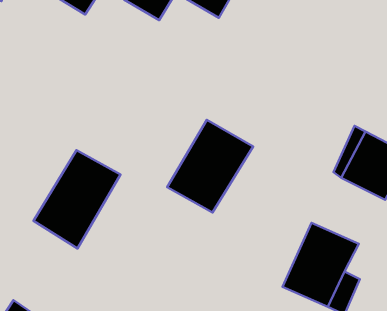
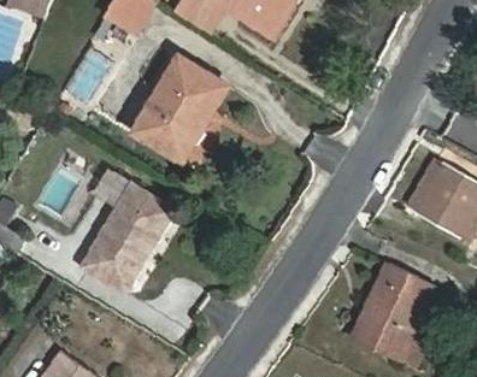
building: [167,120,253,213] -> [135,58,229,159]

